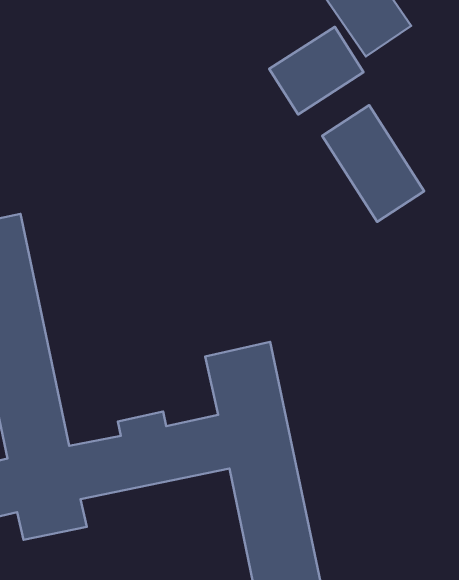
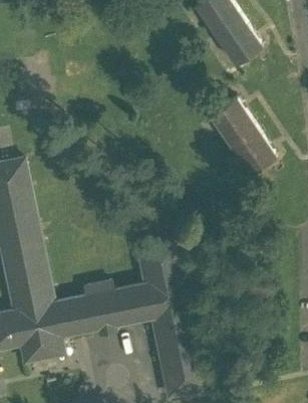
building: [269,27,364,114] -> none

